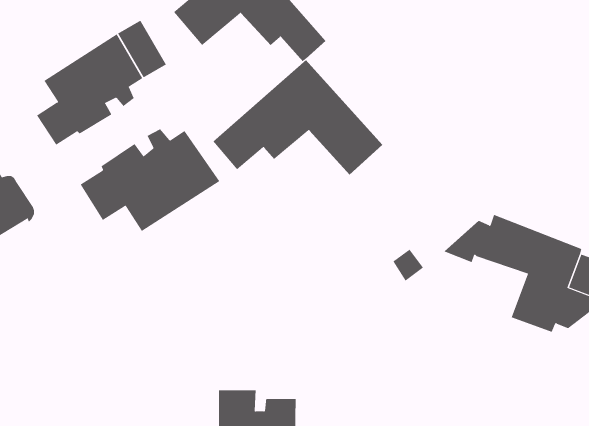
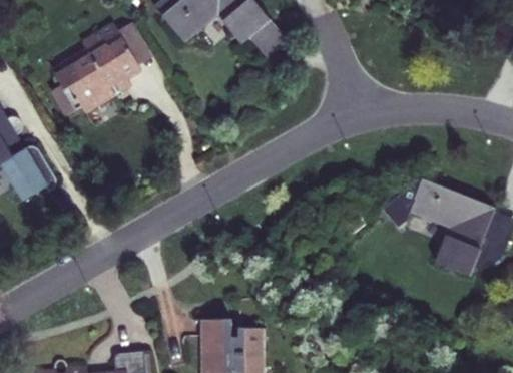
building: [212,59,383,175] -> none
building: [80,129,220,232] -> none

